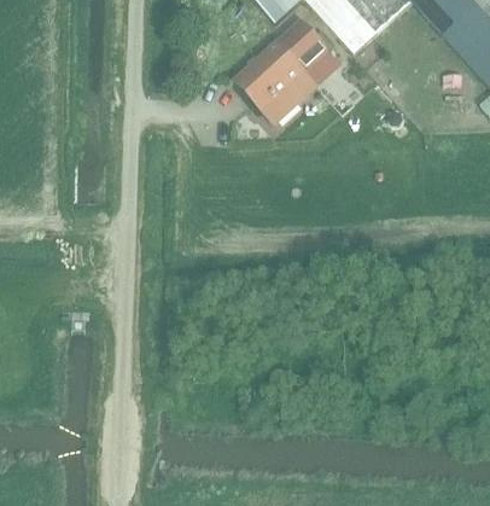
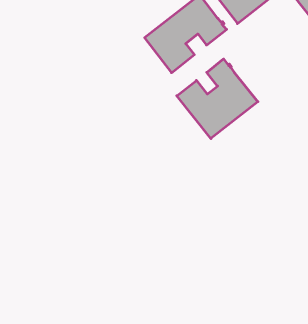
building: none -> [177,59,258,139]

